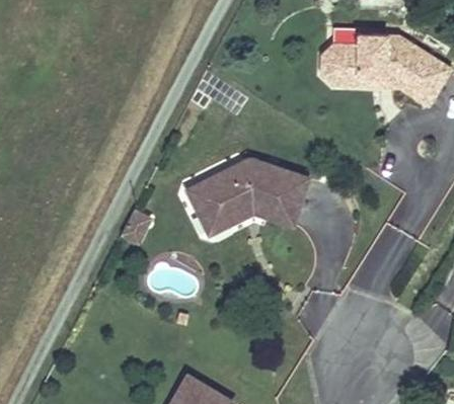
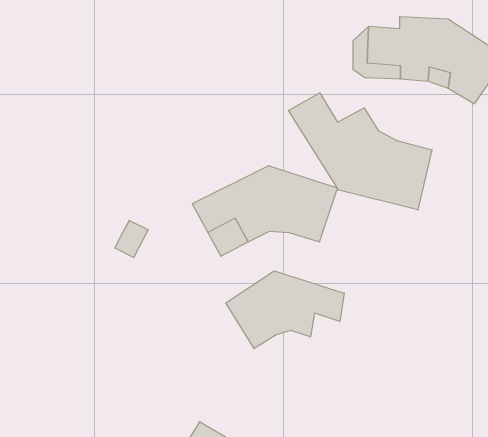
building: none -> [289,93,432,210]
building: none -> [226,271,344,349]

